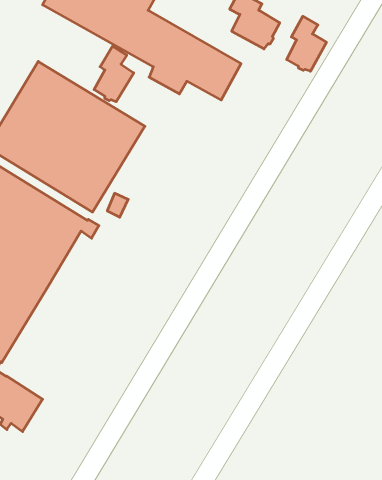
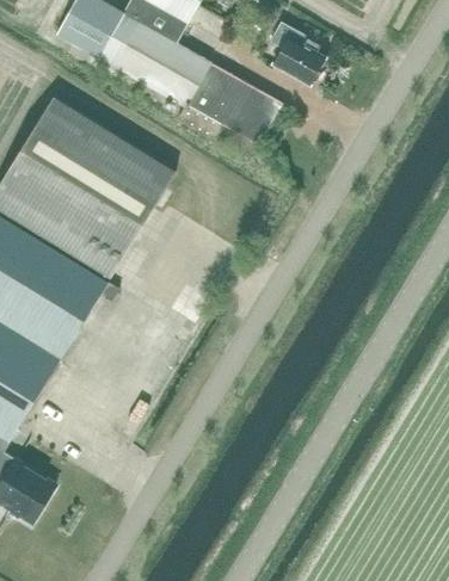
building: [287,16,326,71] -> none
building: [94,46,134,102] -> none

